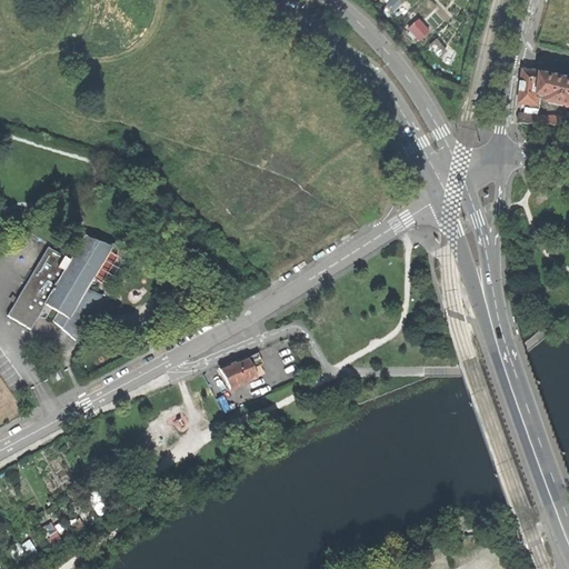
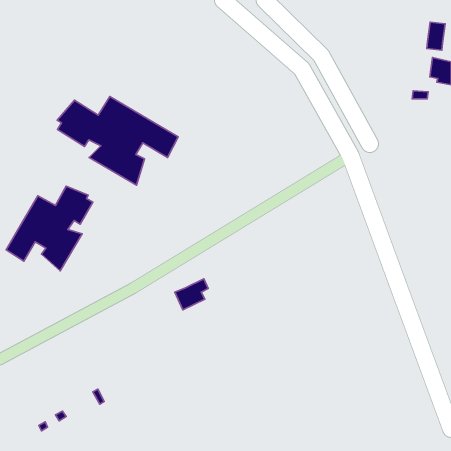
building: [521,70,545,106] -> [427,22,445,50]
building: none -> [57,97,178,185]

